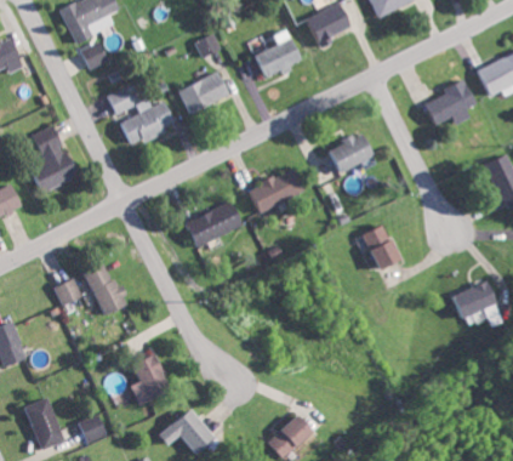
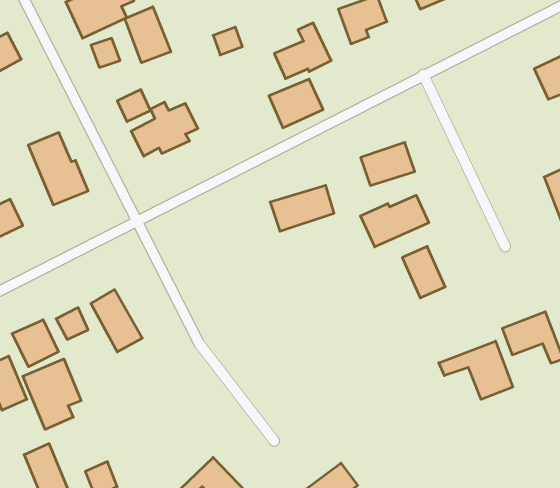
building: none -> [125,7,171,63]
building: [178,72,226,114] -> [269,79,323,128]
building: [416,79,469,126] -> none
building: none -> [360,195,429,247]
building: [190,200,246,245] -> none
building: none -> [12,320,58,367]
building: none -> [439,341,513,399]
building: none -> [23,359,81,429]
building: [132,355,173,405] -> none

